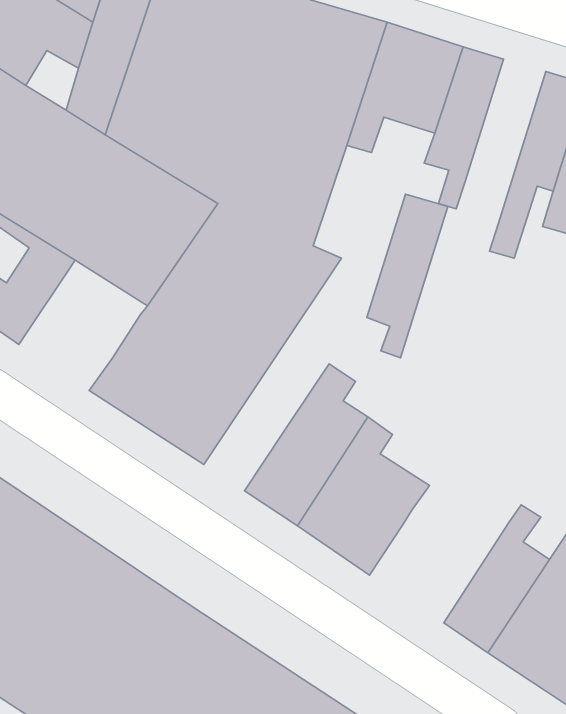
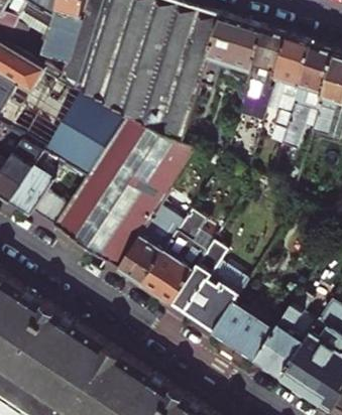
building: [367,194,448,358] -> [266,37,313,131]
building: none -> [11,152,85,227]
building: none -> [117,209,181,284]
building: none -> [212,297,292,360]

